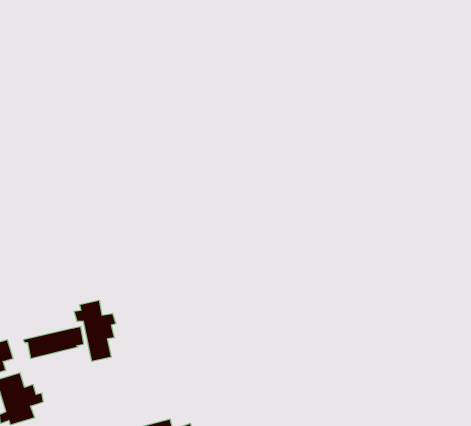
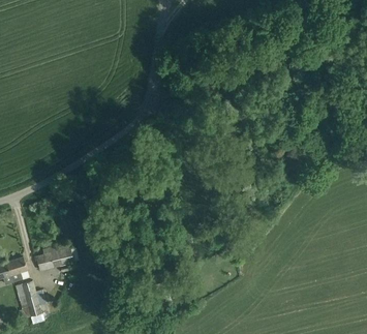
building: [74,300,116,361] -> none

